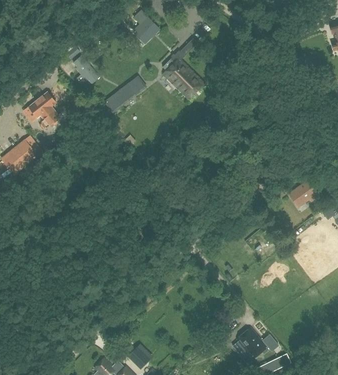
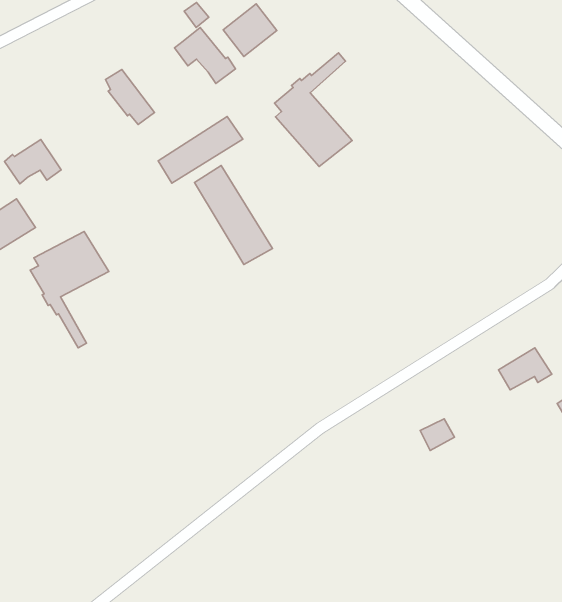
building: none -> [174,27,235,84]
building: none -> [194,166,273,264]
building: none -> [30,231,109,348]

